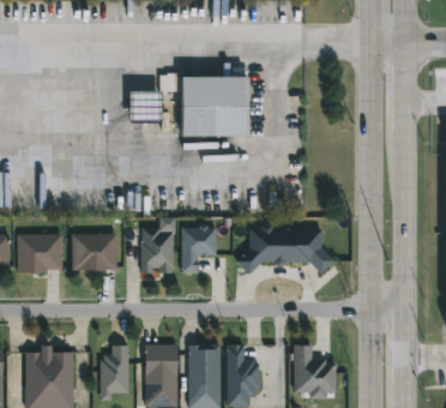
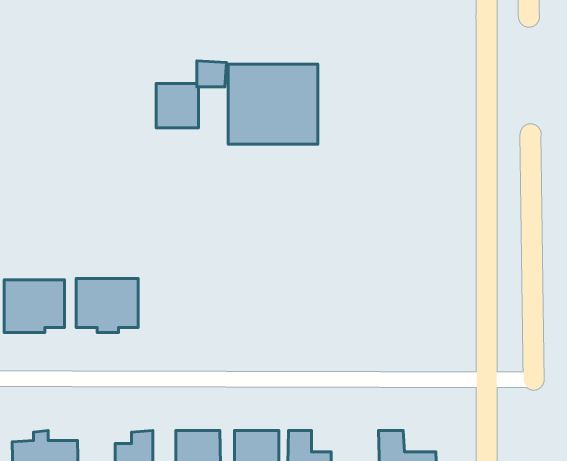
building: [141,217,174,272] -> none
building: [236,221,334,275] -> none
building: [182,226,217,272] -> none

